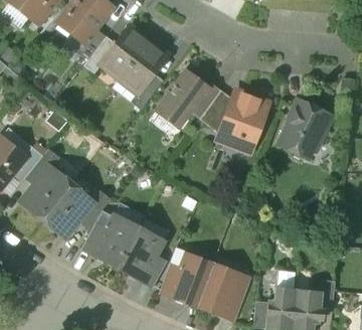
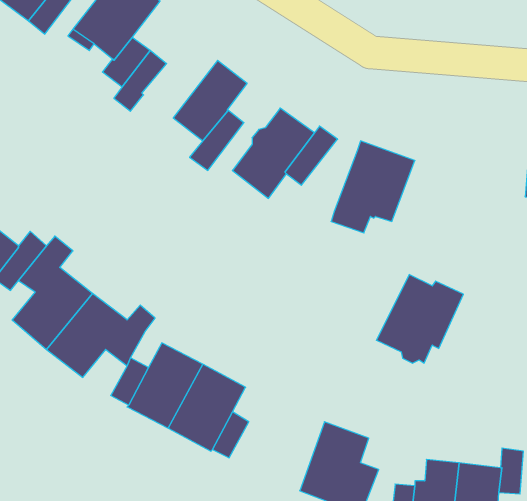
building: [102,26,148,76] -> none
building: [199,90,233,134] -> none
building: [279,103,332,157] -> [376,275,463,363]
building: [160,253,213,305] -> none

